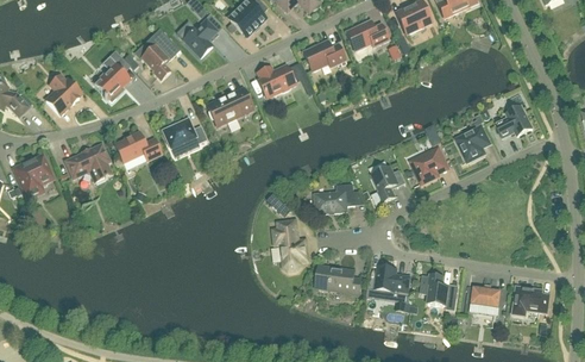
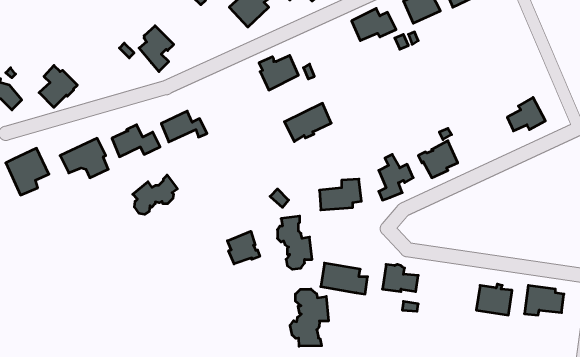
building: [183,19,216,57] -> none
building: [302,39,346,71] -> none
building: [93,56,131,101] -> none
building: [207,88,252,125] -> [284,103,331,142]
building: [457,127,489,161] -> none
building: none -> [133,175,177,214]
building: none -> [227,231,260,264]
building: [421,274,457,310] -> none
building: none -> [290,289,328,346]

